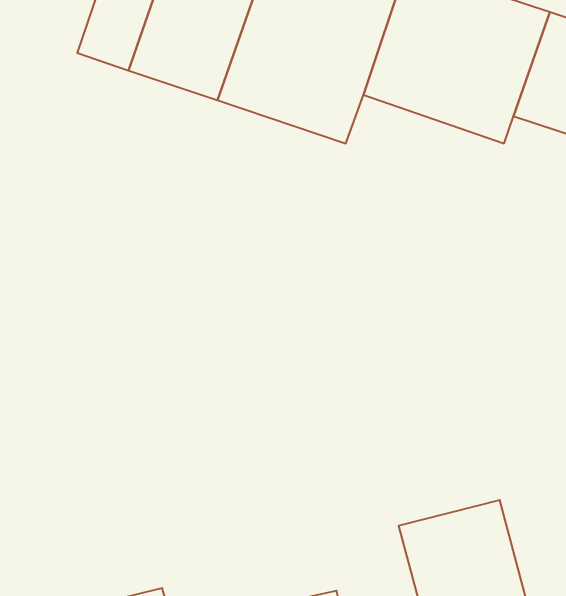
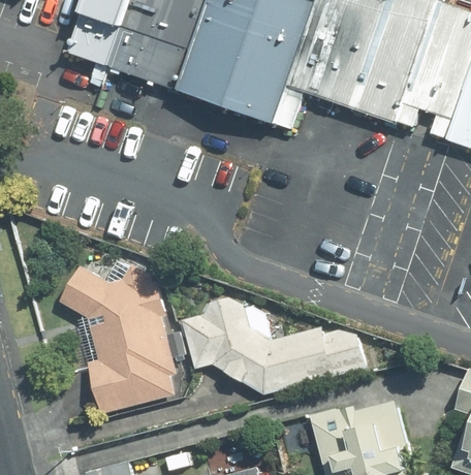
building: none -> [48,254,183,409]
building: none -> [188,300,368,394]

